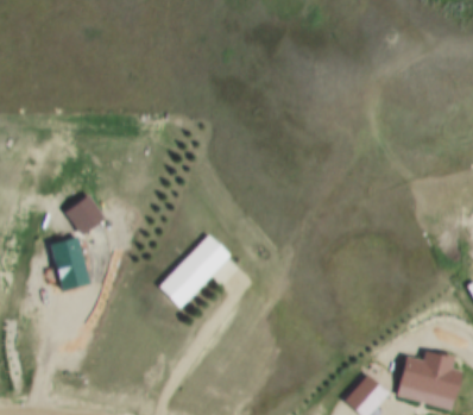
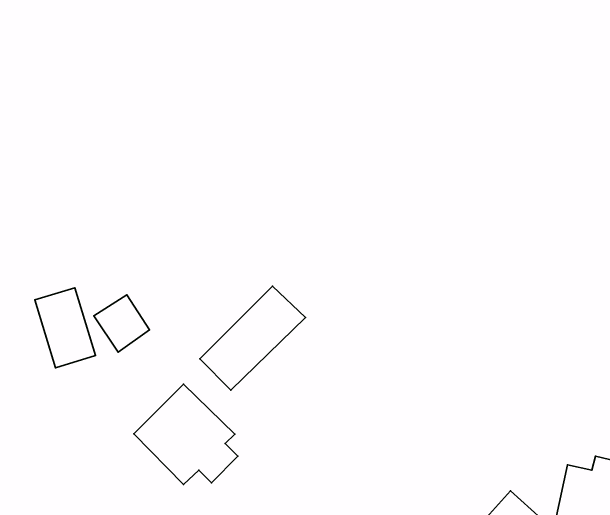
building: [61,194,99,233] -> [94,295,149,352]
building: none -> [134,384,238,485]

